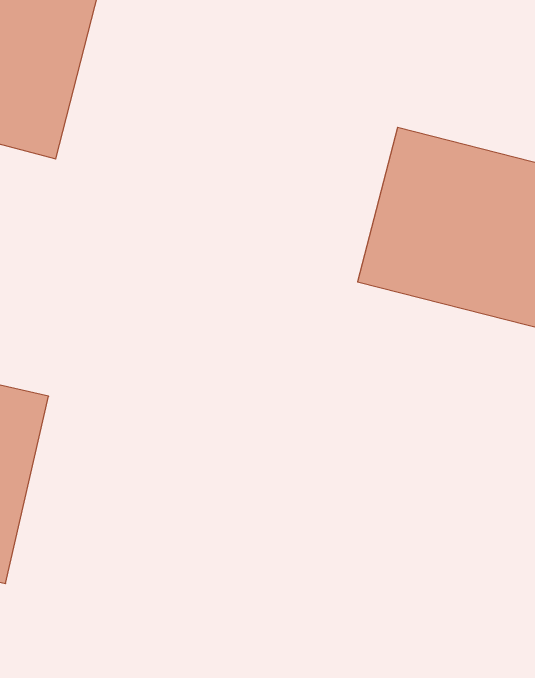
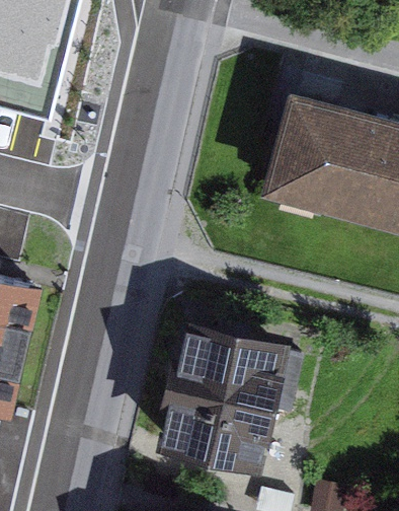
building: none -> [156,320,294,461]

